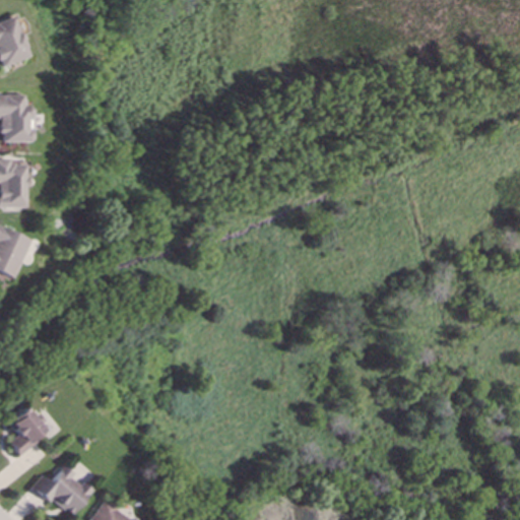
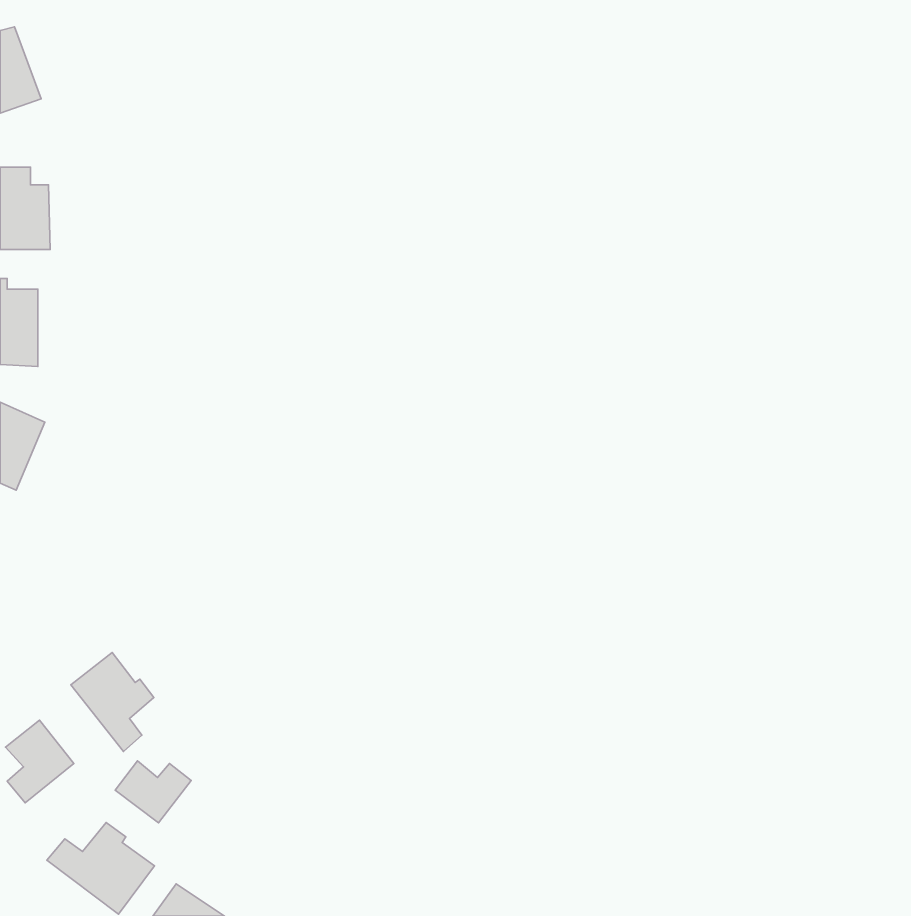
building: none -> [71,652,154,751]
building: none -> [115,761,191,823]

